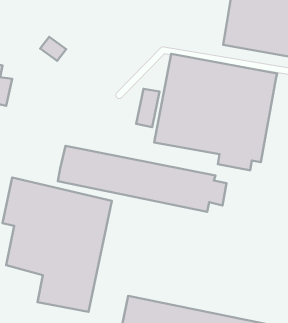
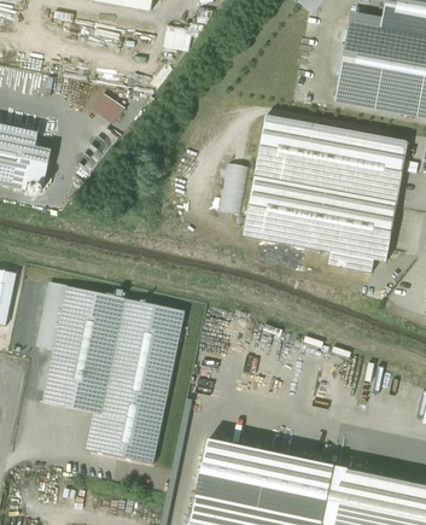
building: [58,146,227,212] -> none

